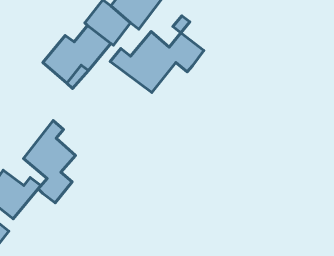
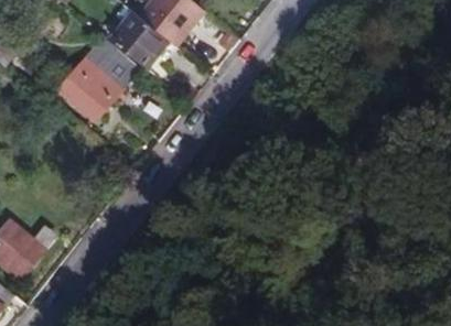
building: [110,31,204,92] -> none
building: [23,120,76,203] -> none

